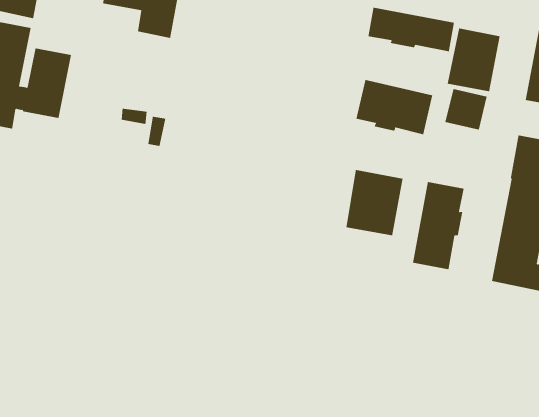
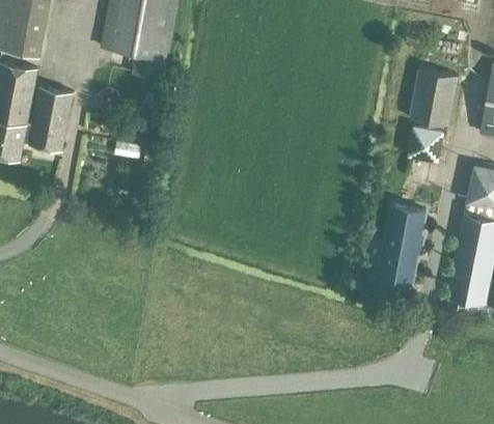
building: [368,7,455,52] -> none
building: [356,79,433,135] -> none
building: [346,169,403,236] -> none

